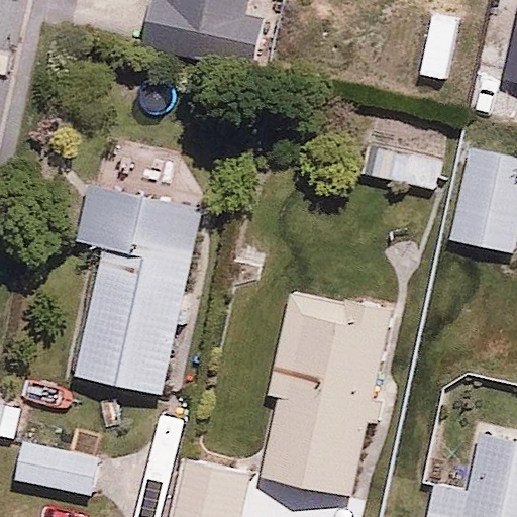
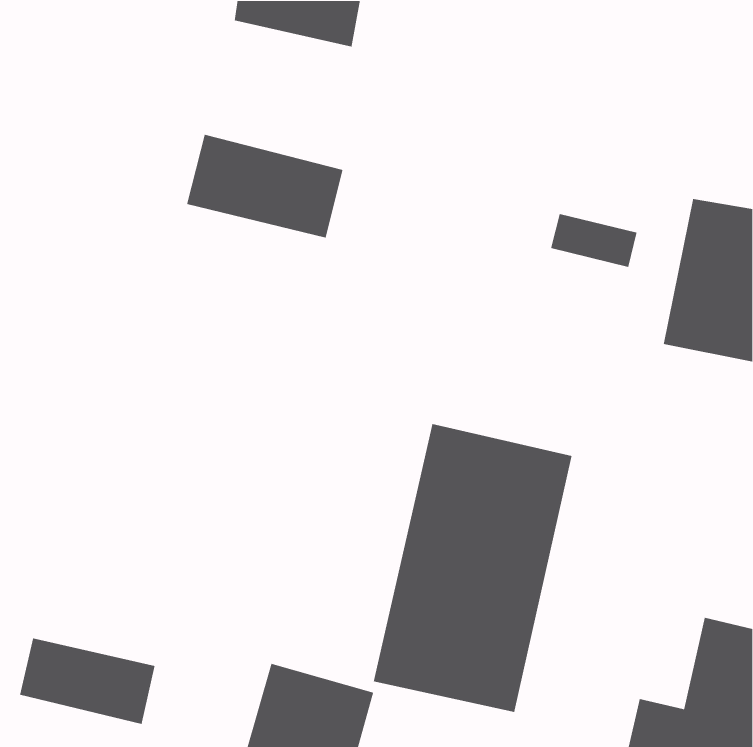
building: none -> [186,134,344,238]
building: [73,182,208,397] -> none

